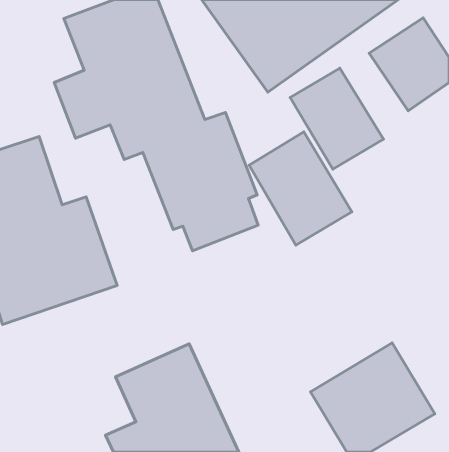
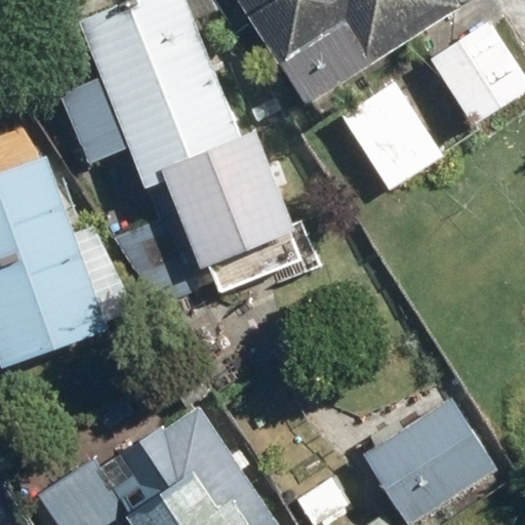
building: [249,132,352,245] -> none

